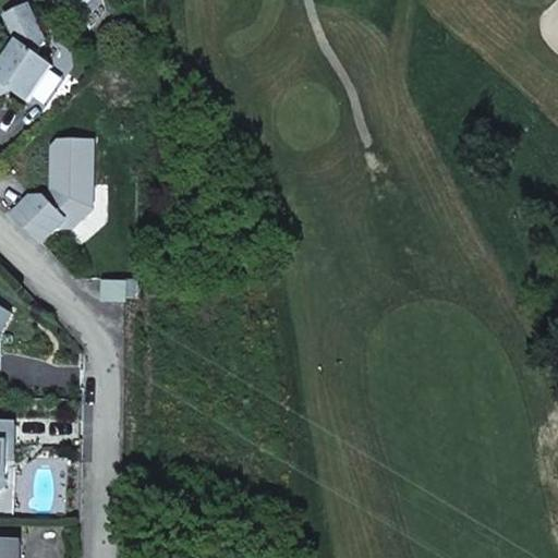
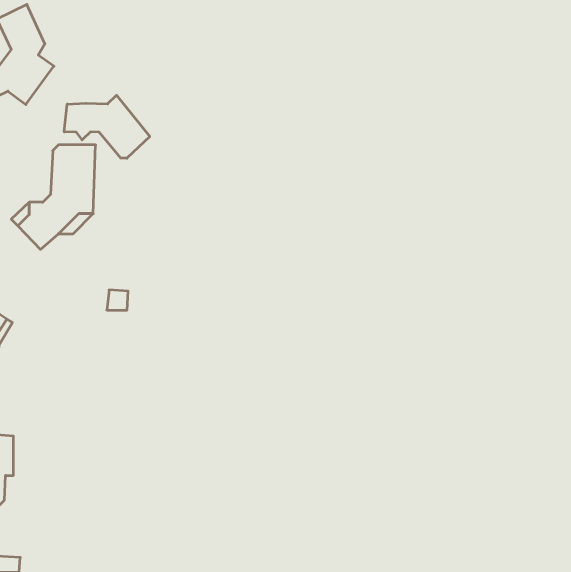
building: none -> [64,95,150,158]

